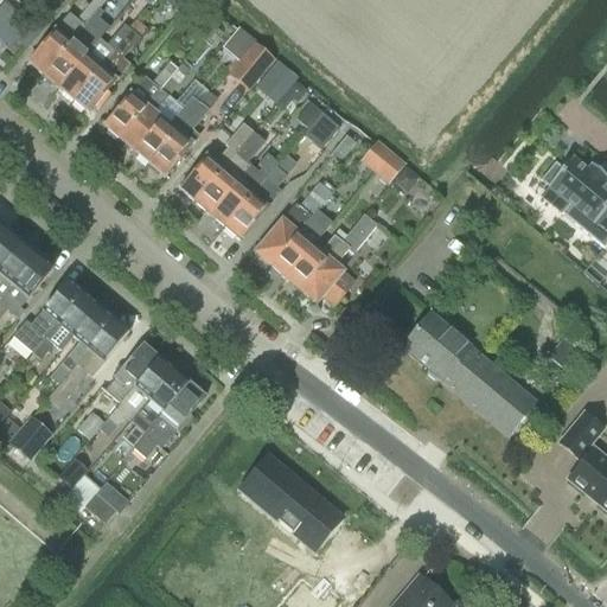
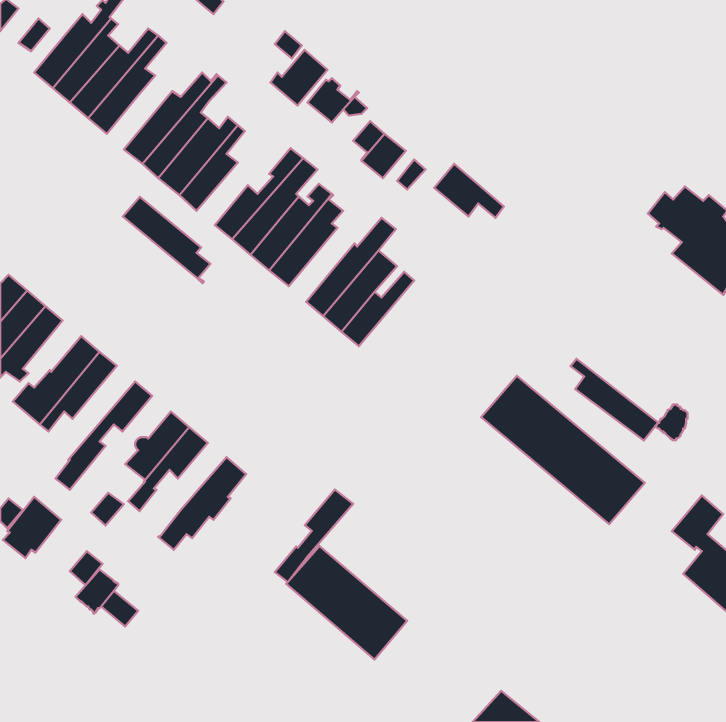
building: none -> [123,197,211,283]
building: [300,213,376,306] -> none
building: none -> [571,359,658,441]
building: [50,305,114,383] -> none
building: [124,369,190,446] -> [275,490,353,582]

